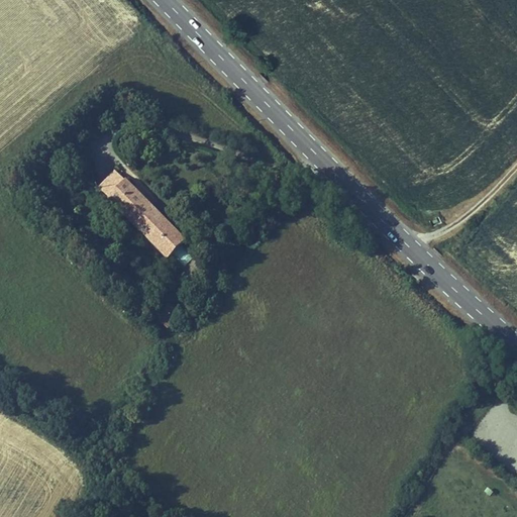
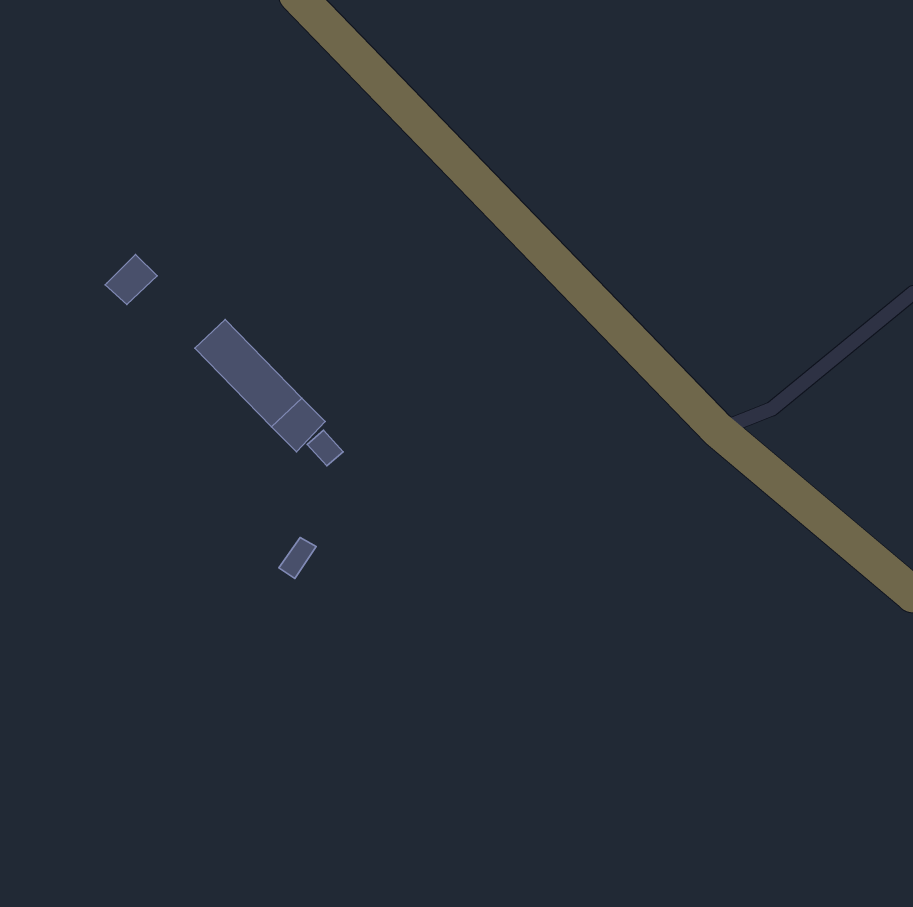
building: [98,169,127,197] -> [105,254,157,304]

